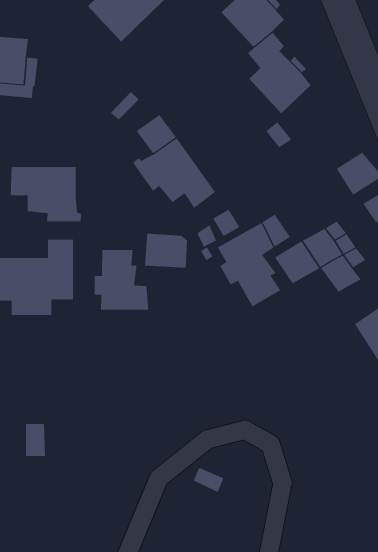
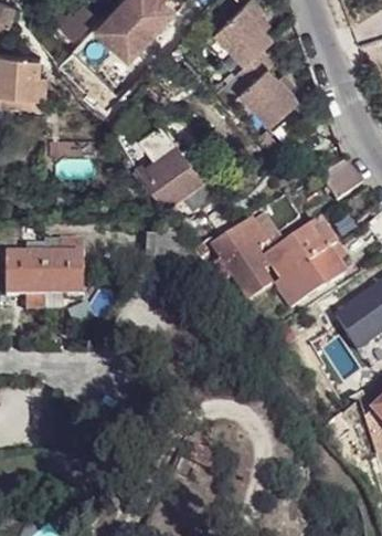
building: [10,166,82,222] -> none
building: [94,249,149,311] -> none
building: none -> [274,263,322,305]

